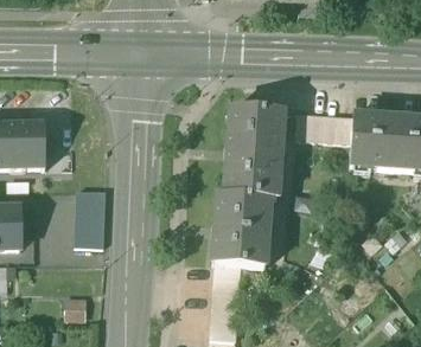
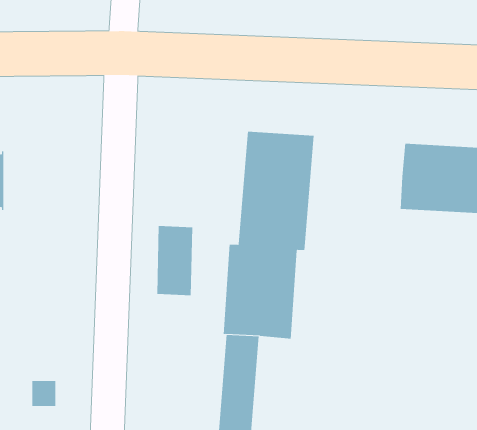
building: [299,113,356,141] -> none
building: [77,192,106,246] -> [156,225,193,296]

